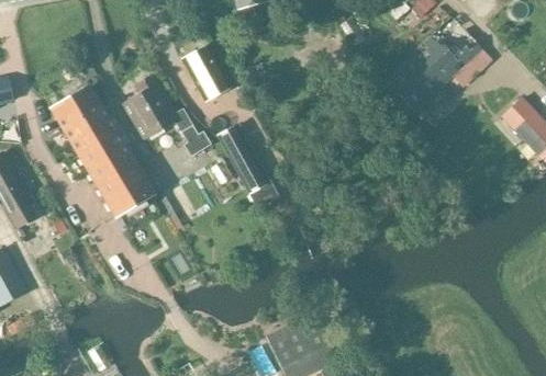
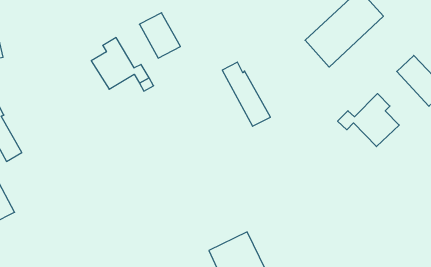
building: [52,86,155,216] -> none
building: [220,129,279,208] -> [222,62,270,126]
building: none -> [338,94,399,147]

